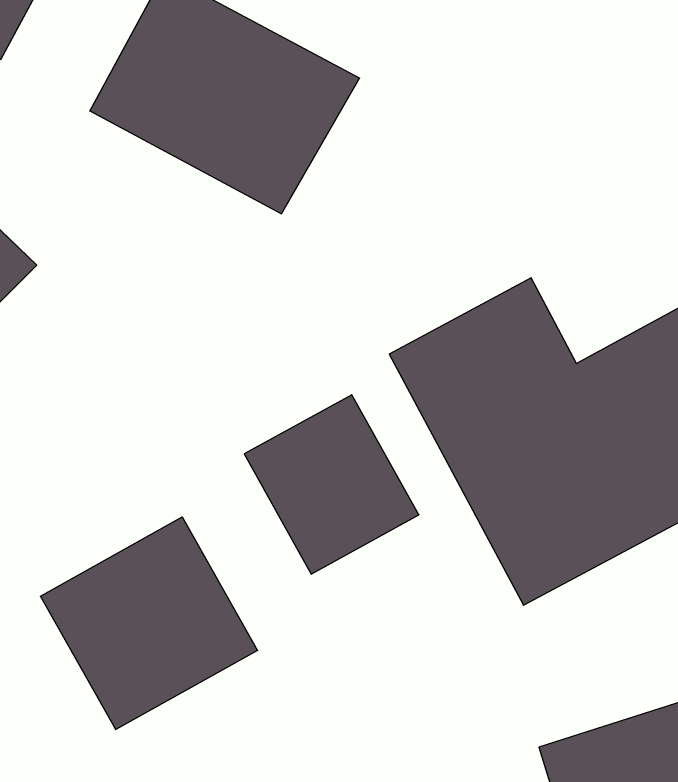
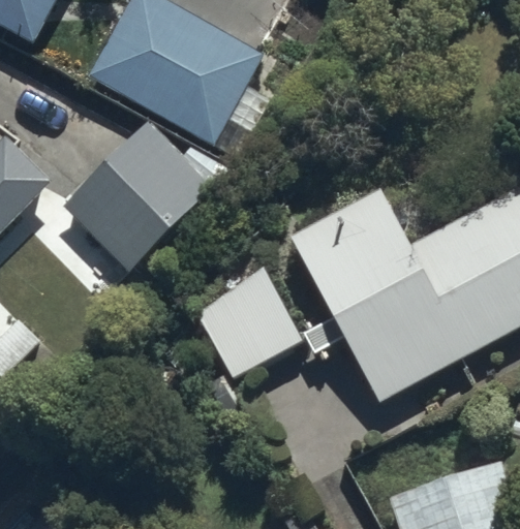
building: none -> [59,126,210,277]
building: [40,517,258,730] -> none

